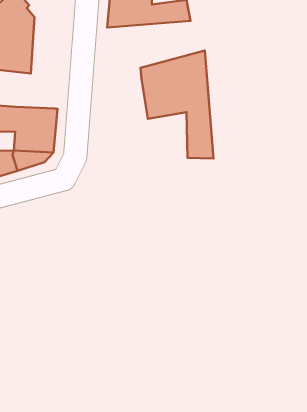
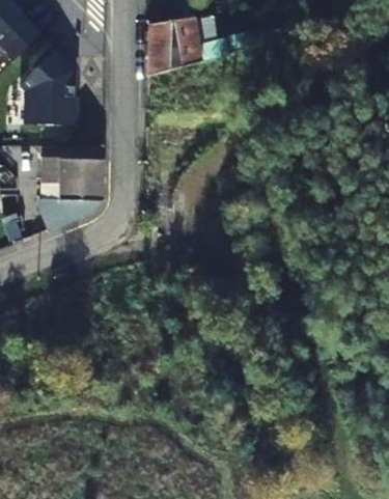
building: [140,51,214,158] -> none

